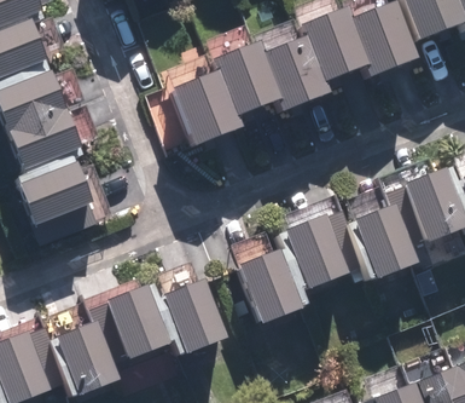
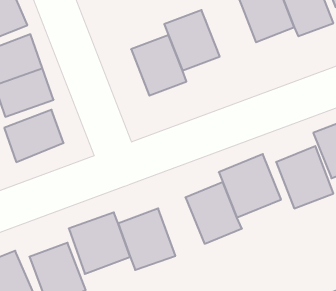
building: [266,35,331,108] -> none

